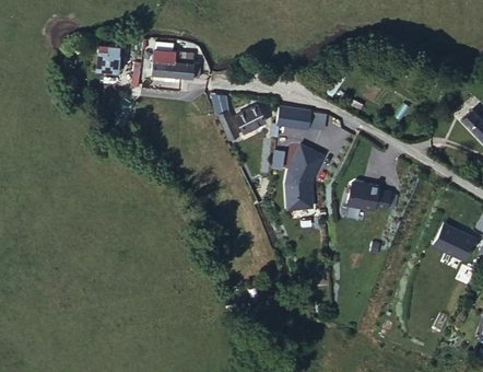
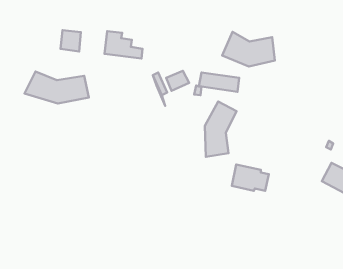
building: none -> [222,32,275,67]
building: none -> [25,71,89,103]
building: [345,178,391,211] -> [232,165,269,191]

